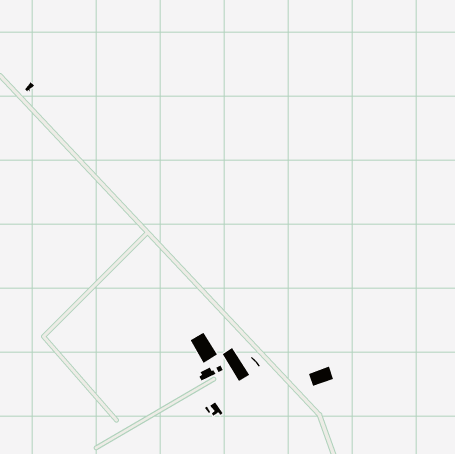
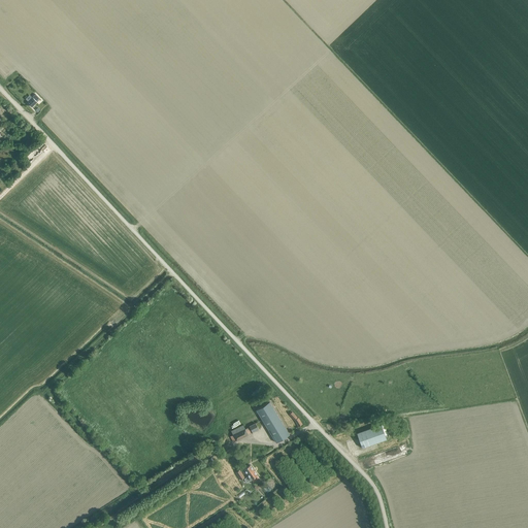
building: [190,332,218,364] -> none

